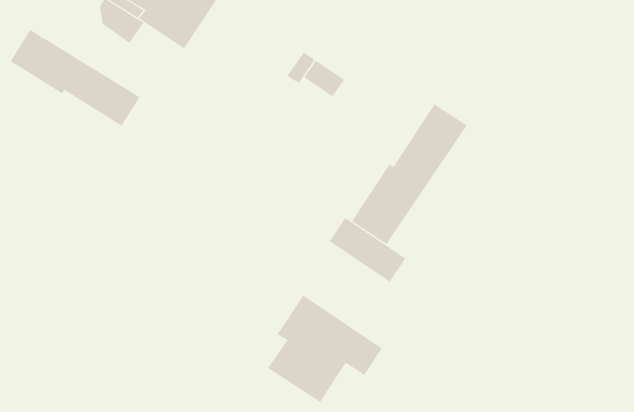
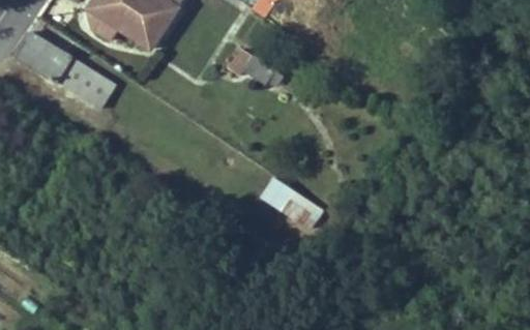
building: [351,104,468,245] -> none
building: [267,295,382,403] -> none

